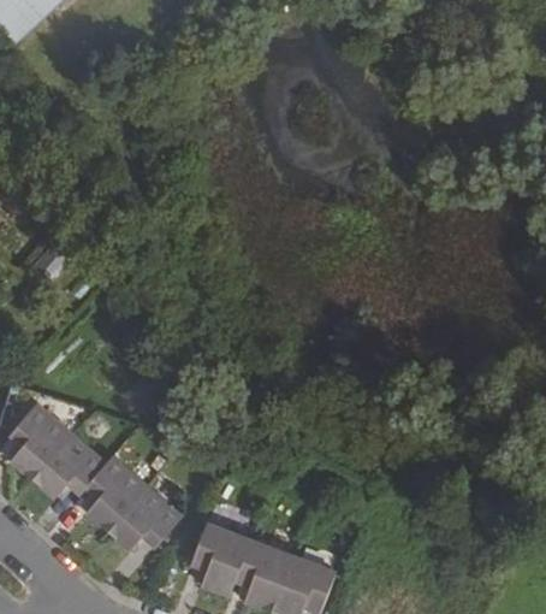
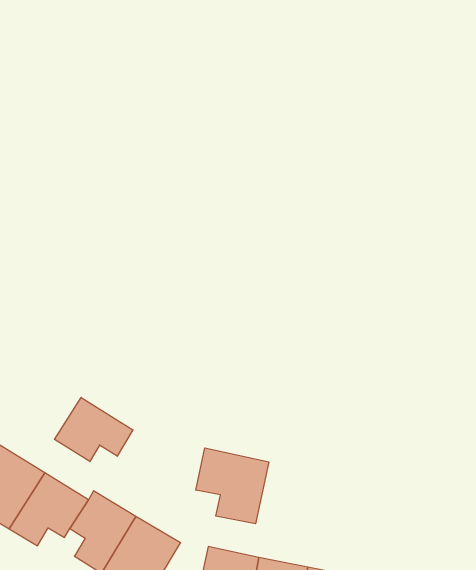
building: none -> [55,397,133,462]
building: none -> [196,448,269,524]

